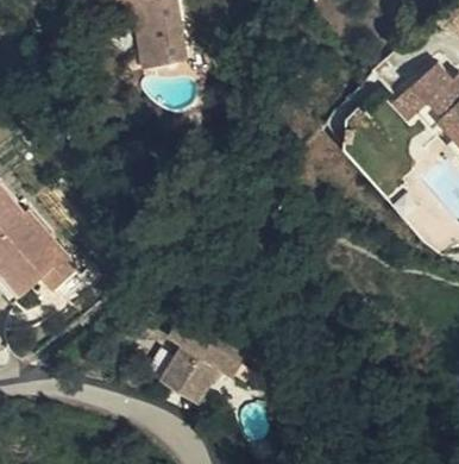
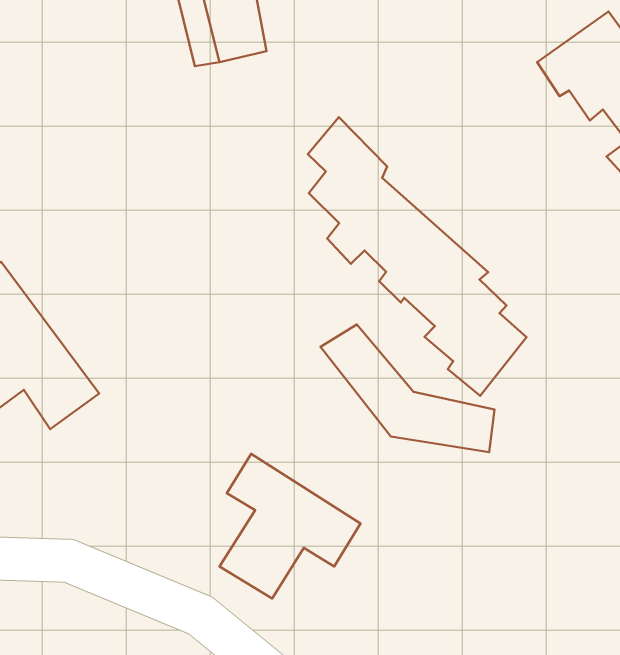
building: none -> [308,117,526,396]
building: none -> [320,324,494,452]

